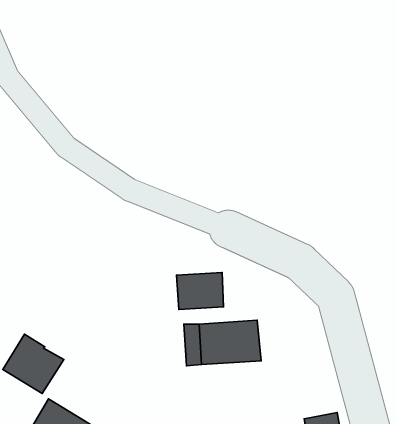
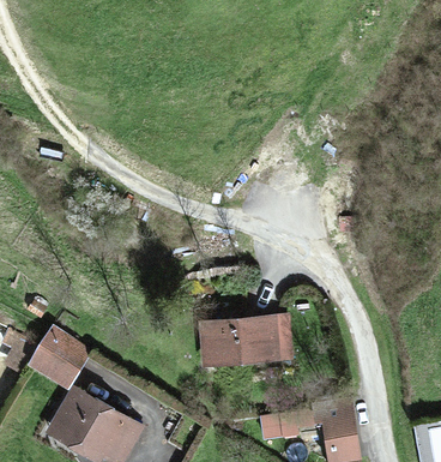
building: [177,272,223,310] -> none

